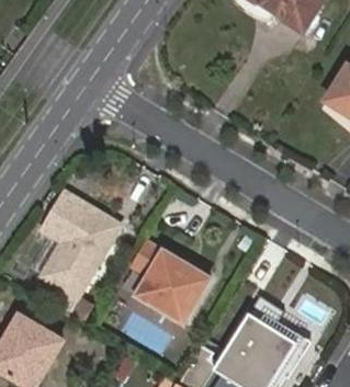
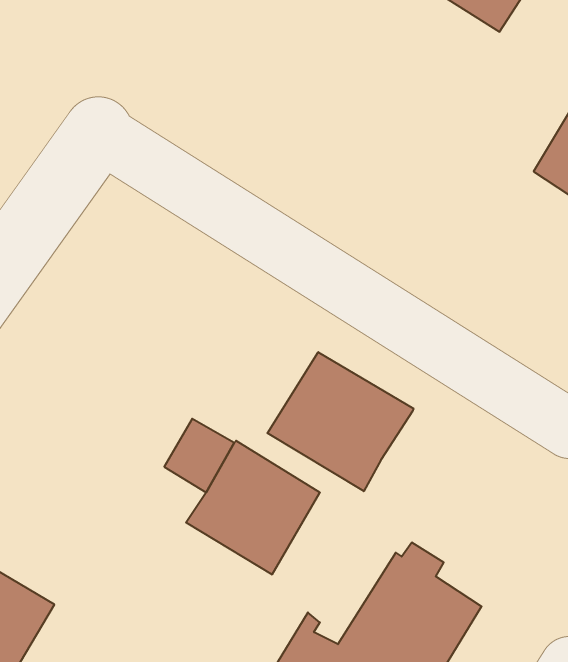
building: [37,190,121,298] -> none
building: none -> [267,352,413,491]

